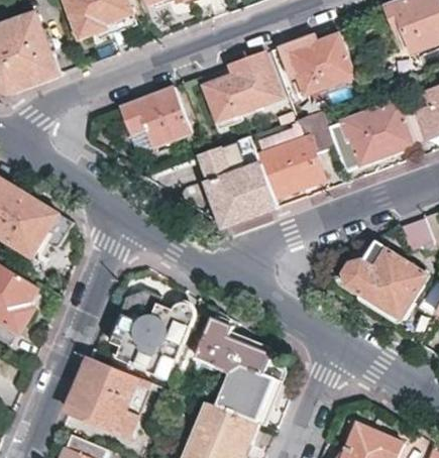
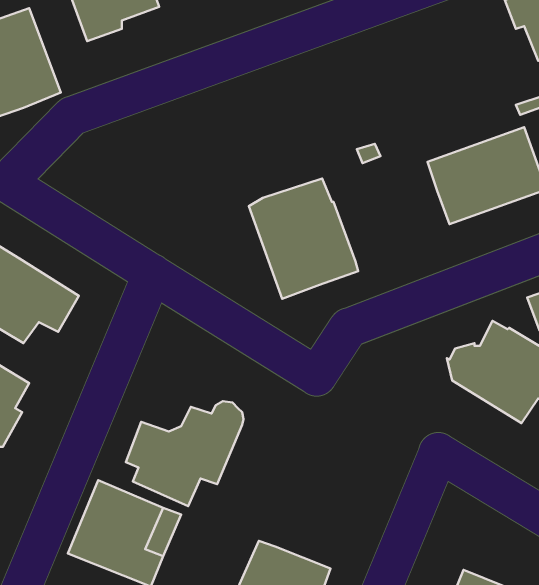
building: [284,33,352,95] -> none
building: [203,52,281,128] -> none
building: [118,88,190,148] -> none
building: [258,110,334,198] -> none
building: [194,308,276,424] -> none

